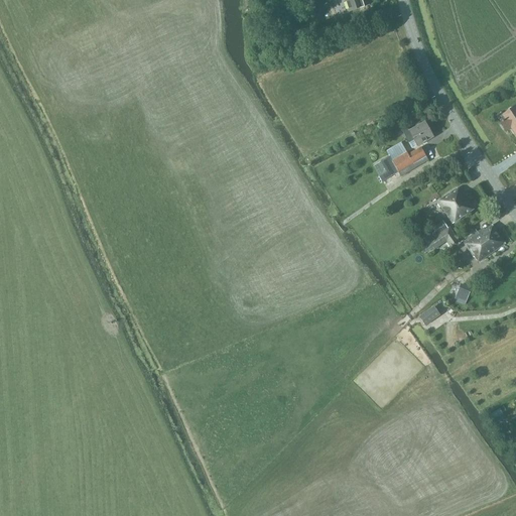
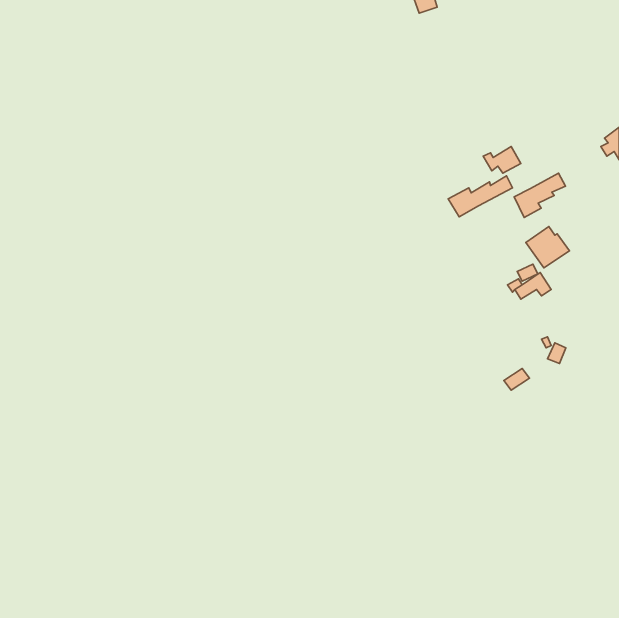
building: none -> [514,173,566,218]
building: [464,225,505,261] -> none

